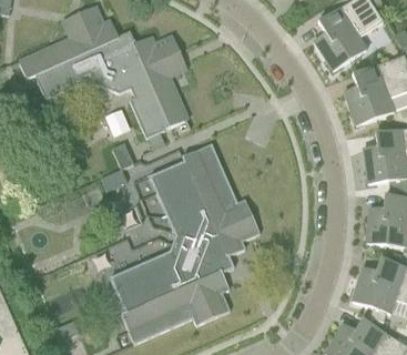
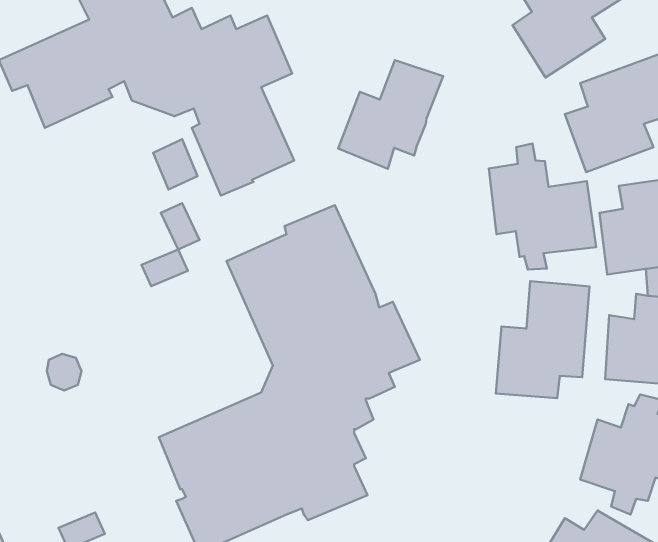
building: none -> [338,60,443,169]
building: none -> [489,143,596,269]
building: none -> [496,281,590,398]

